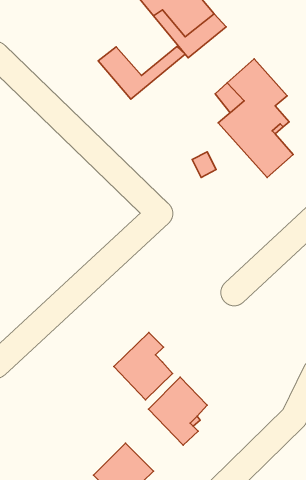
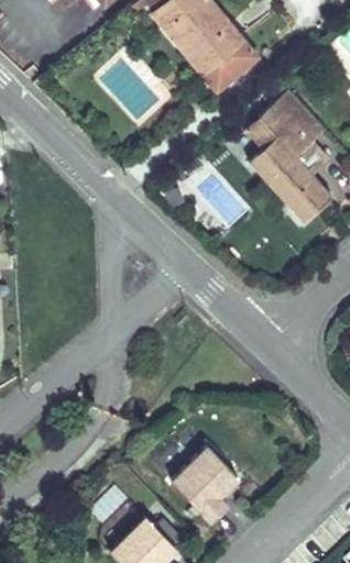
building: [98,46,185,99] -> none
building: [114,333,172,400] -> none

